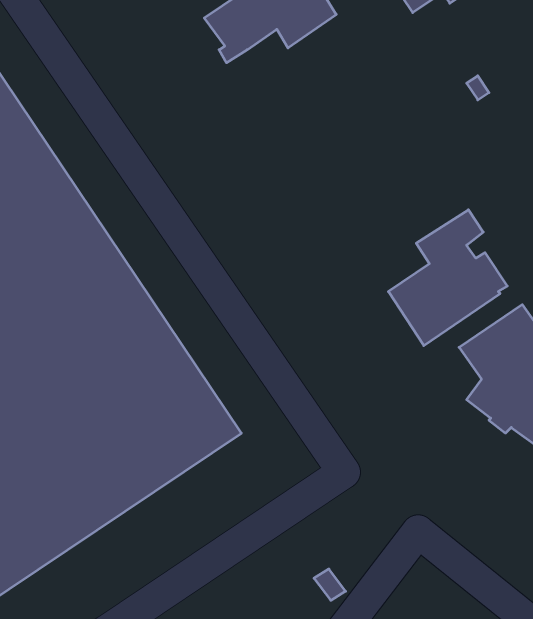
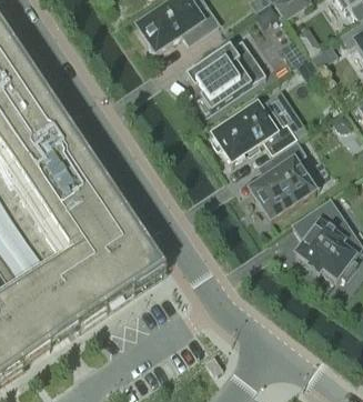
building: none -> [185,37,265,113]
building: none -> [212,100,295,161]

